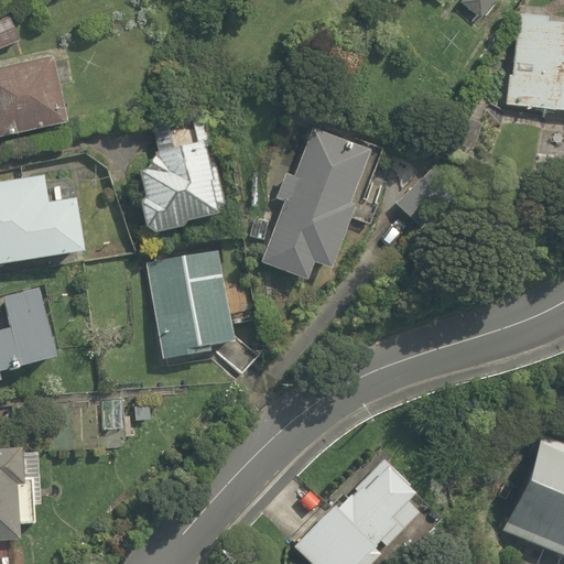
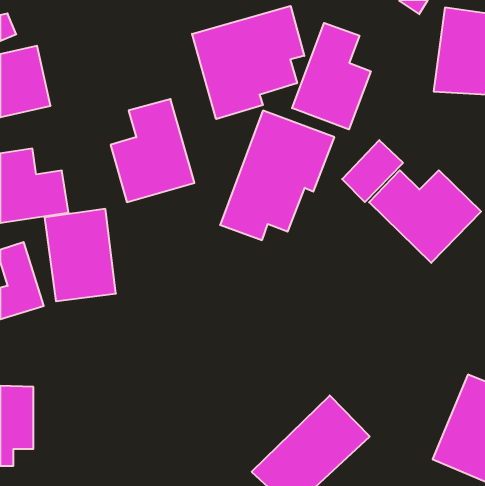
building: none -> [192,6,304,119]
building: none -> [292,23,371,129]
building: none -> [369,170,481,263]
building: [149,249,231,356] -> [44,209,116,301]

